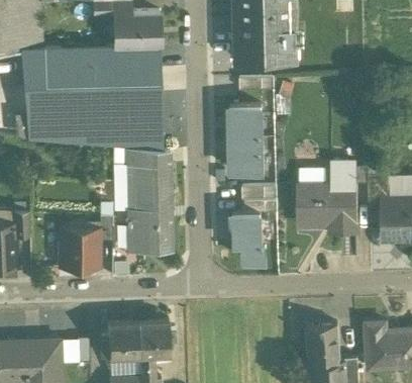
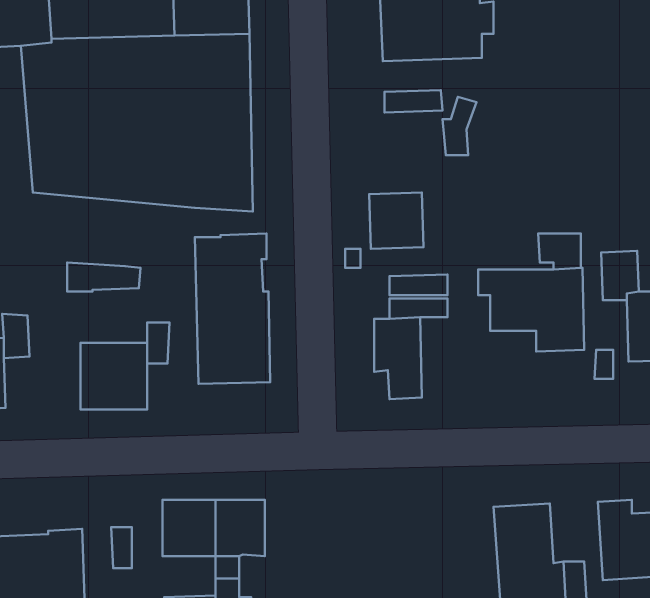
building: [228,107,261,140] -> none
building: [126,149,170,166] -> [67,263,140,292]

